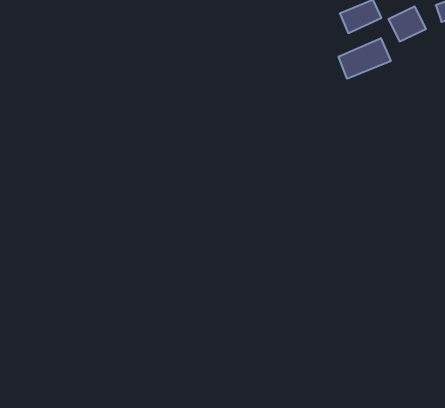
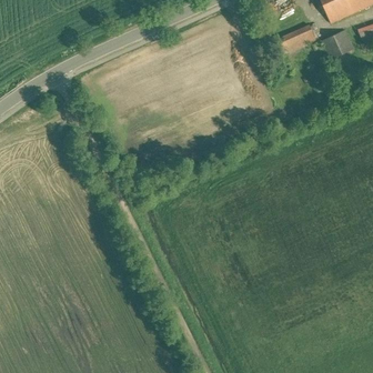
building: [339,38,391,79] -> none

